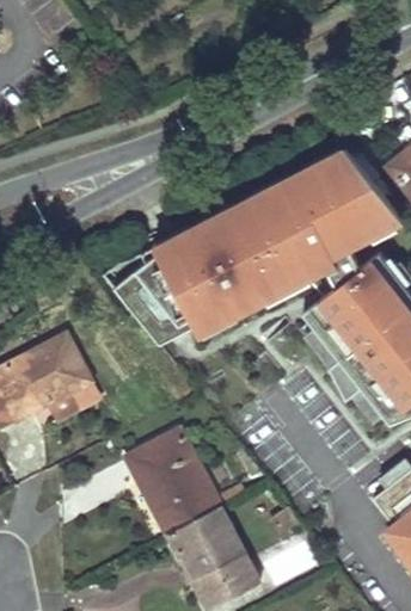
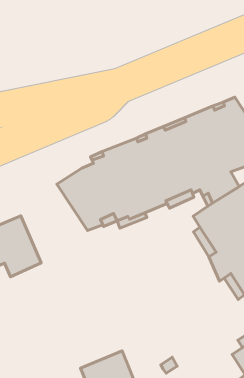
building: [127,431,221,537] -> none

